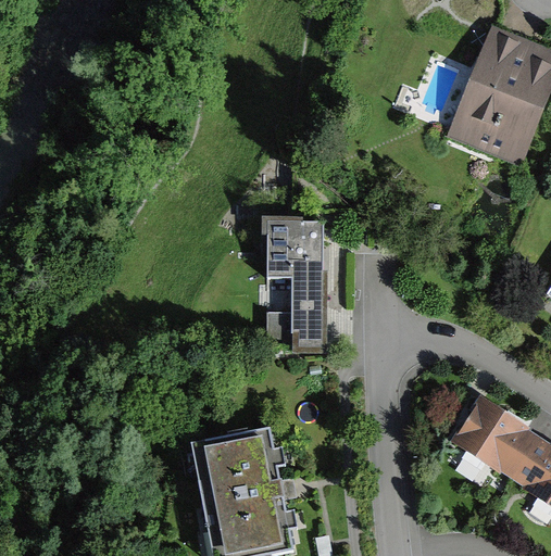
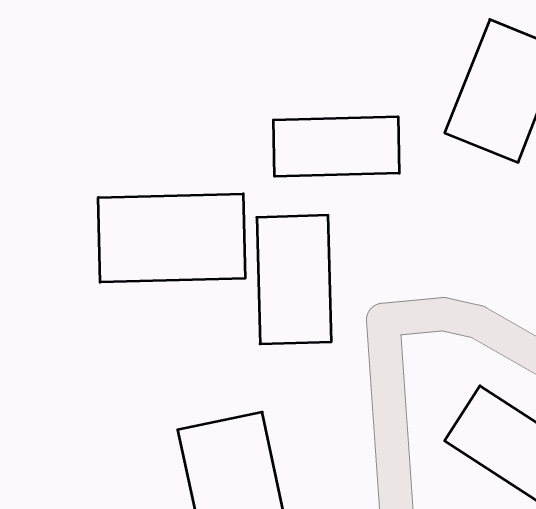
building: none -> [273,117,399,176]
building: none -> [98,194,245,282]

